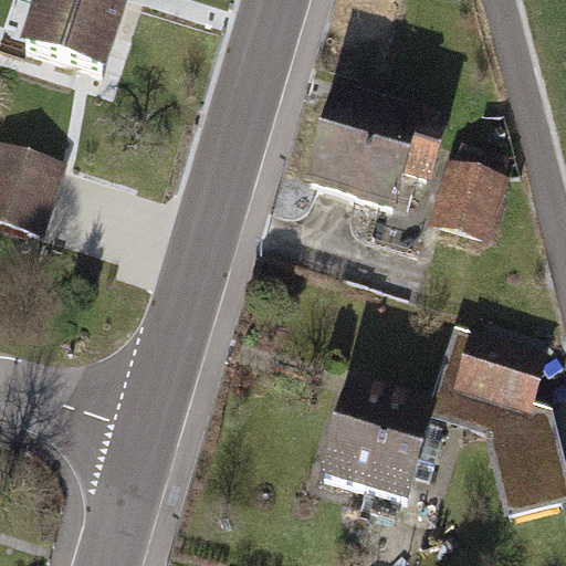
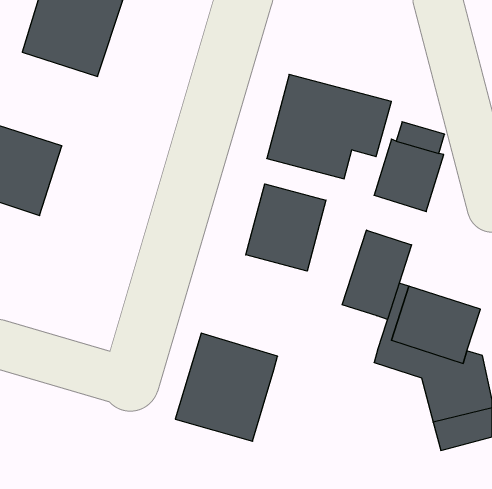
building: none -> [246,184,326,271]
building: none -> [342,230,412,320]
building: [315,373,432,496] -> [175,333,278,441]

